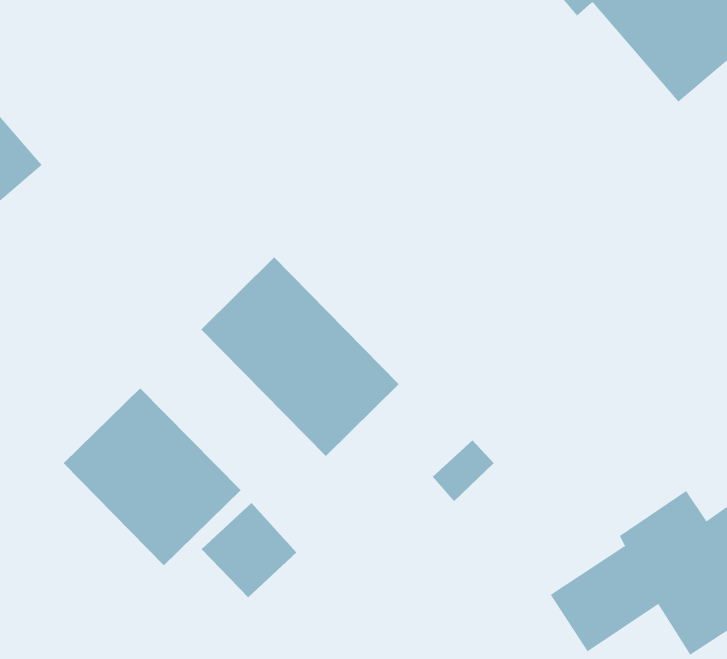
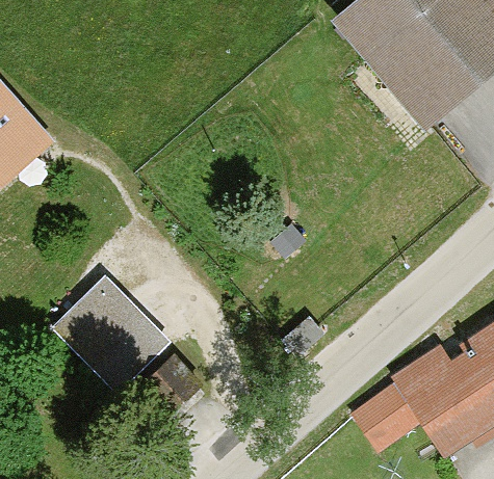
building: [200,257,399,457] -> none

